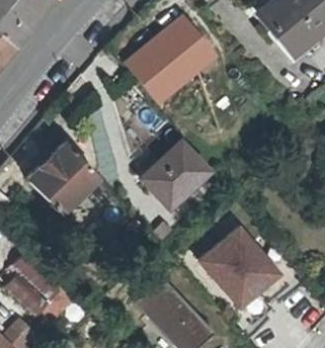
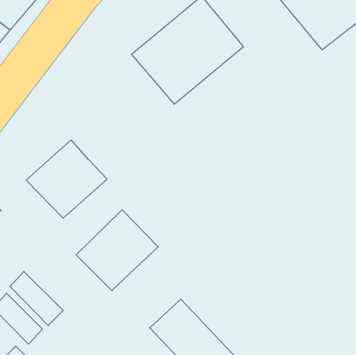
building: [143,137,215,207] -> [76,210,158,291]
building: [199,225,285,310] -> none

